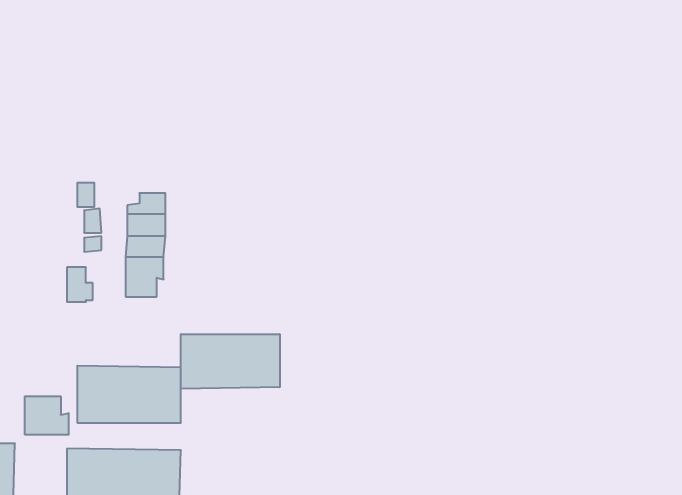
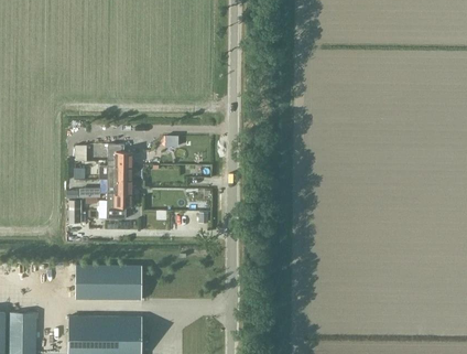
building: [181,334,280,389] -> none
building: [25,396,69,435] -> none

